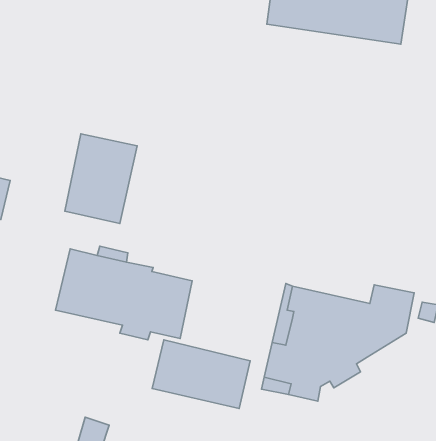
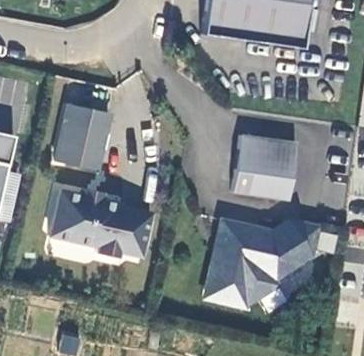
building: none -> [232,135,296,199]
building: [152,340,250,409] -> none

